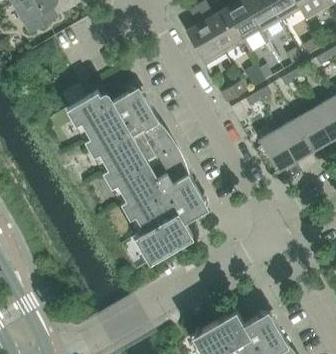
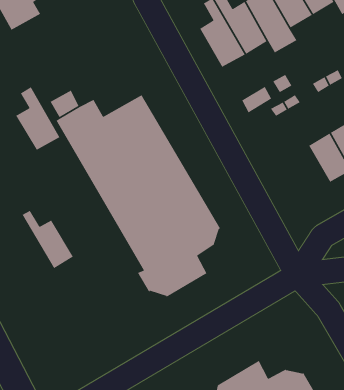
building: none -> [15,86,61,151]
building: [260,129,296,171] -> none
building: none -> [22,210,74,269]

